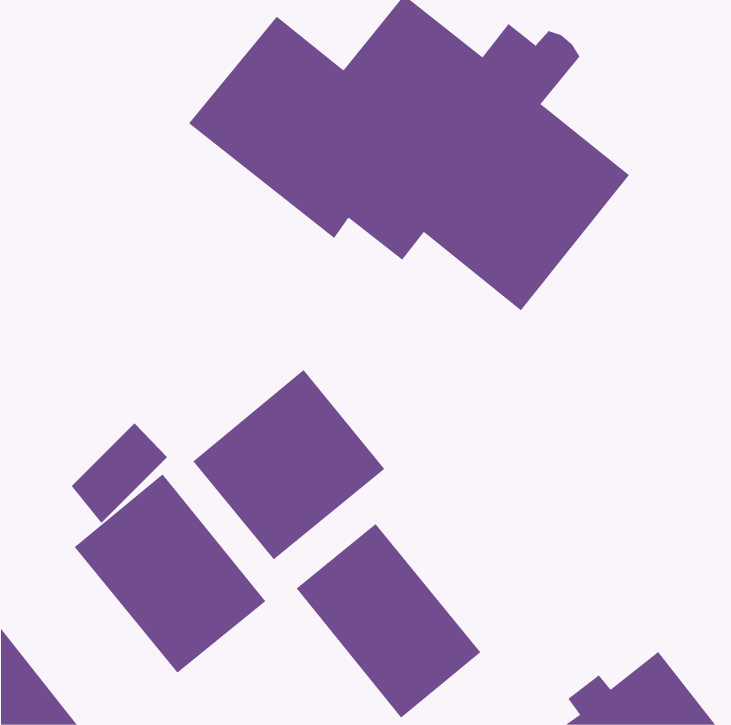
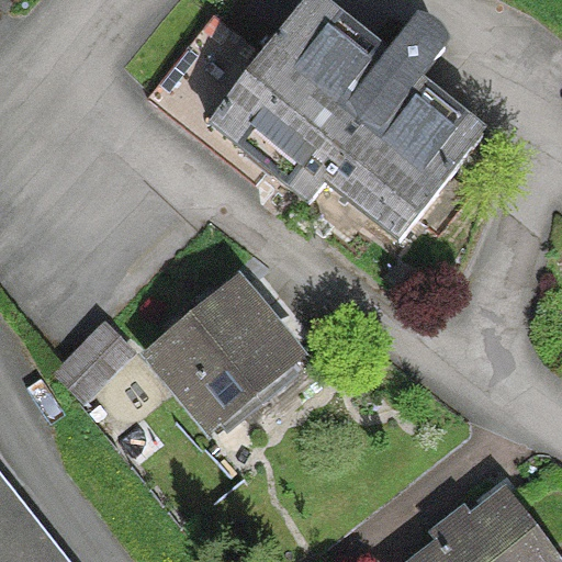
building: [74,473,266,673] -> none
building: [296,523,481,718] -> none

